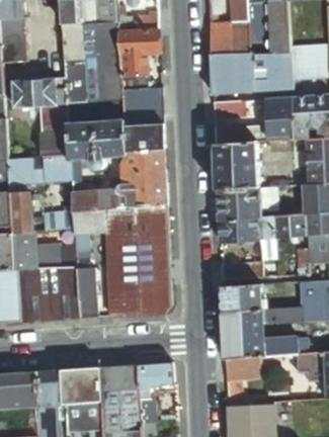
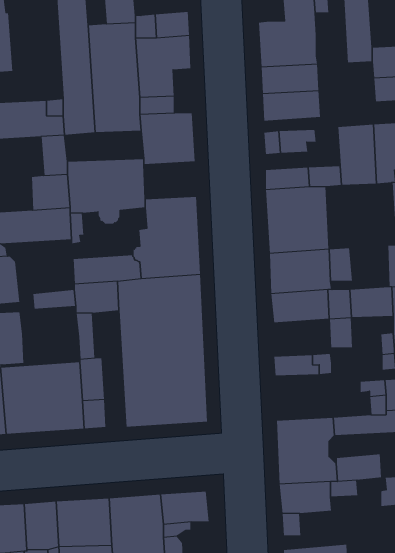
building: [250,51,292,91] -> none
building: [124,123,162,151] -> none
building: [35,247,77,270] -> none
building: [219,284,261,312] -> none

